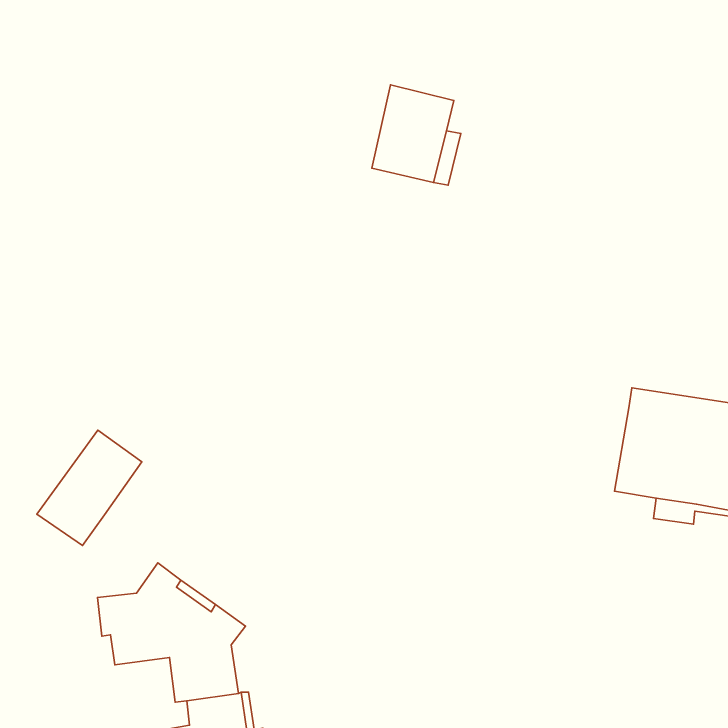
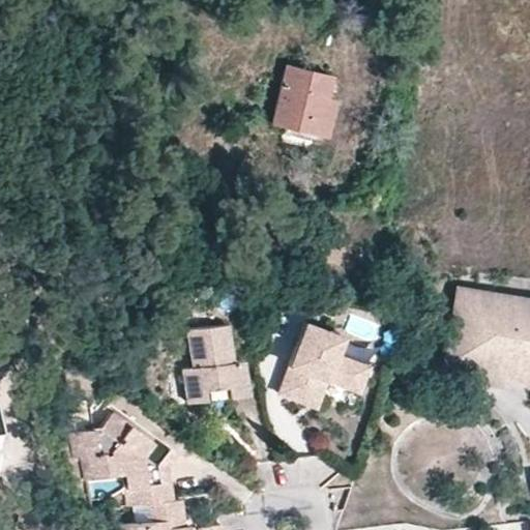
building: [37,430,142,545] -> none
building: none -> [277,322,365,406]
building: none -> [187,328,251,407]

